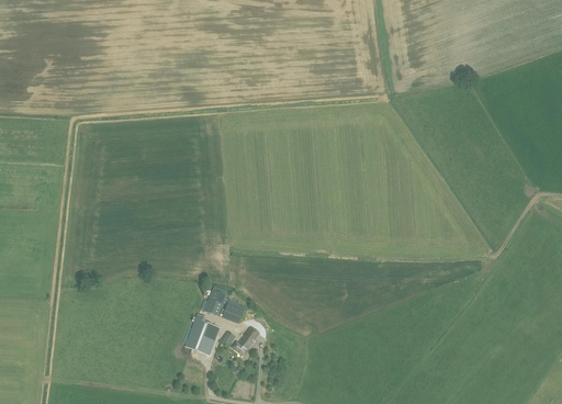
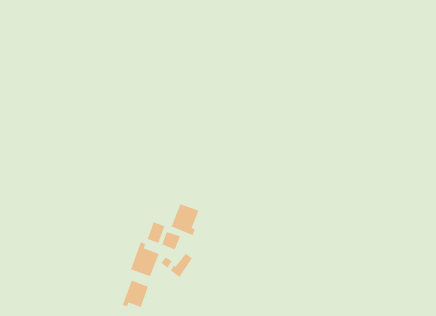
building: none -> [171,203,199,236]
building: none -> [122,280,148,308]

